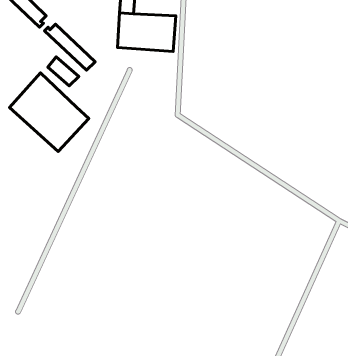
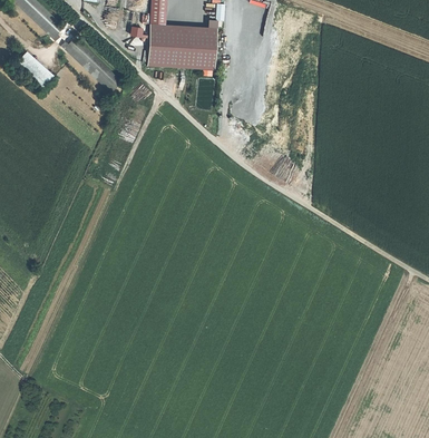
building: [48,57,79,86] -> [16,50,52,85]
building: [10,73,89,151] -> none

